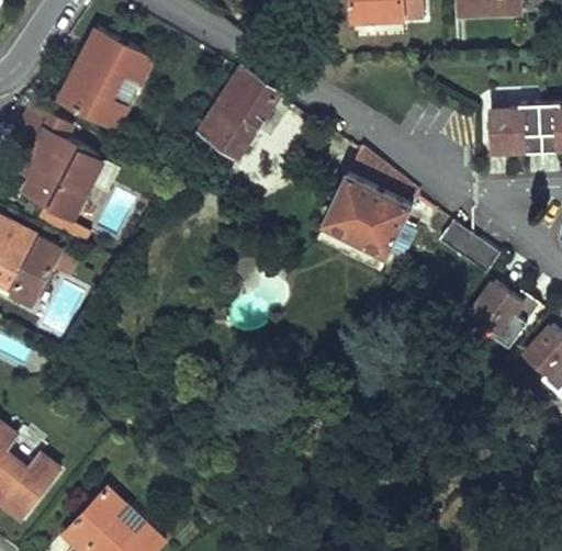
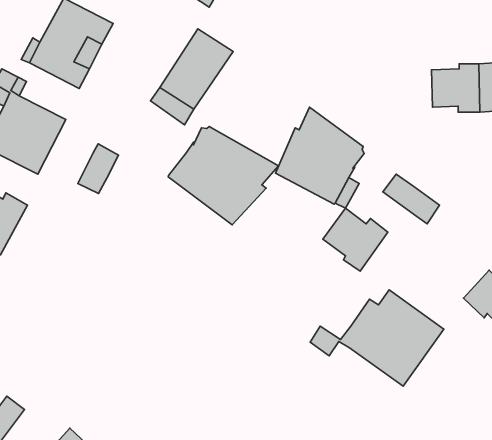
building: none -> [168,126,279,225]
building: none -> [78,144,119,194]
building: [471,278,540,345] -> [323,208,388,271]
building: none -> [310,290,444,386]

